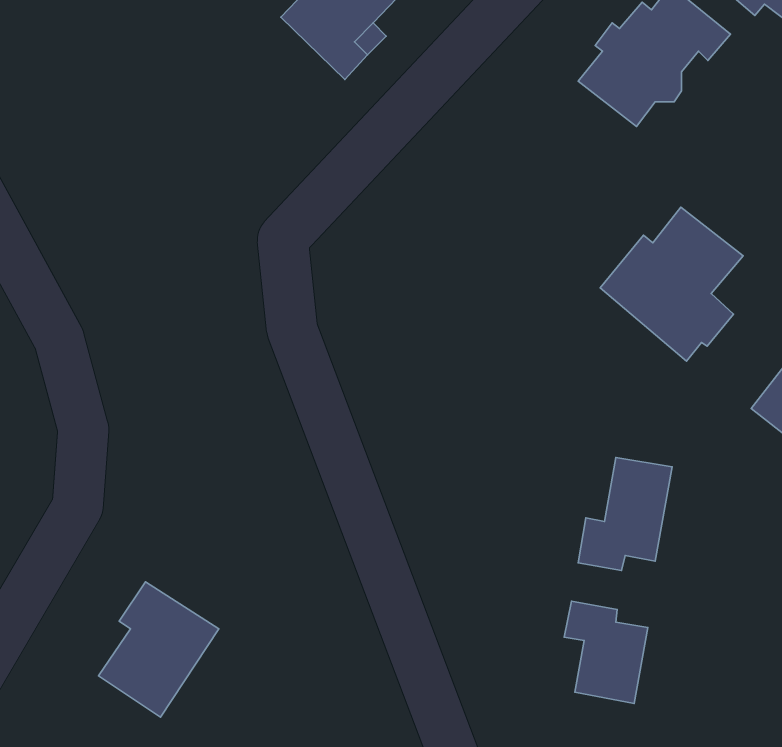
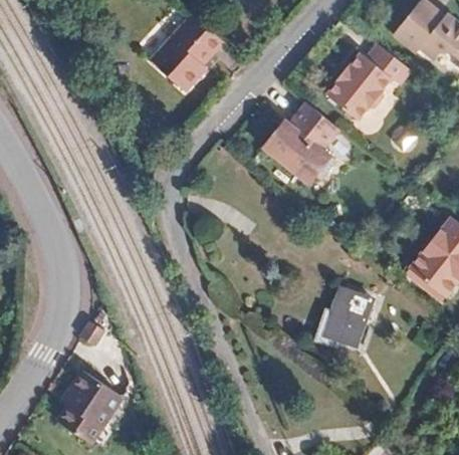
building: [600,207,743,361] -> [262,103,338,186]
building: [564,601,648,703] -> none

